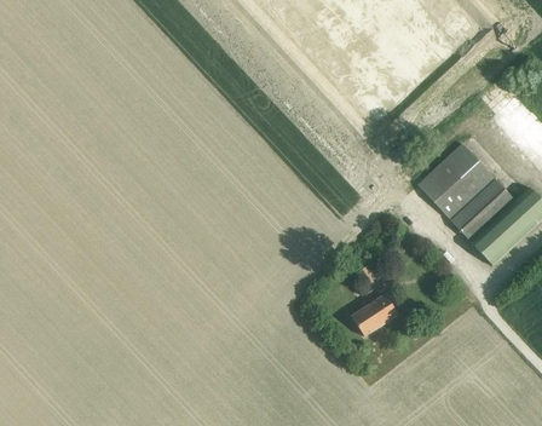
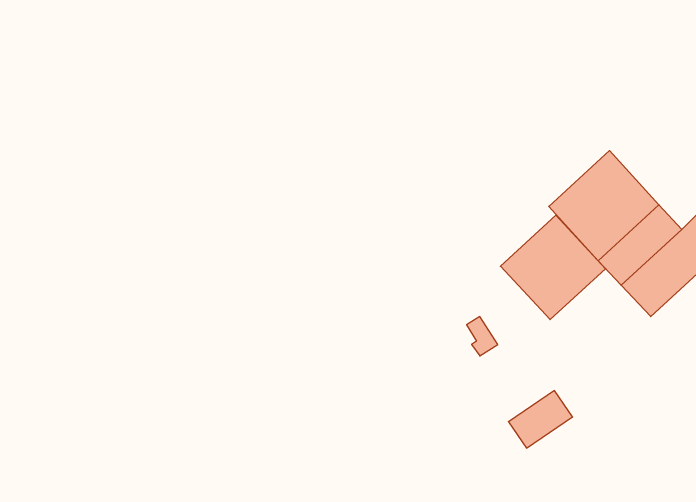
building: none -> [500,215,605,320]
building: [351,293,398,335] -> [508,391,573,448]

